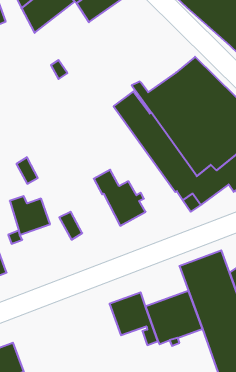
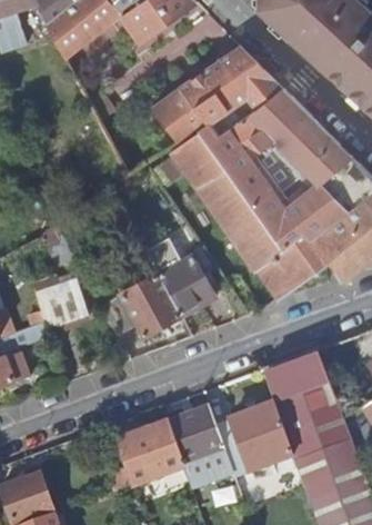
building: none -> [153,47,282,141]
building: none -> [120,273,181,337]
building: none -> [115,422,183,485]

